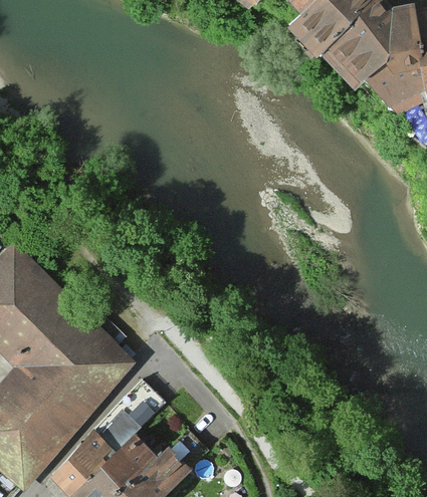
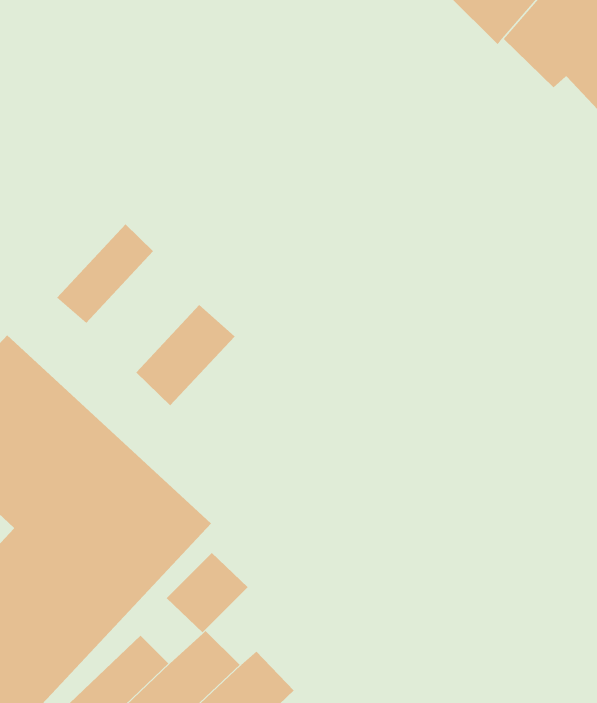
building: none -> [56,223,154,324]
building: none -> [135,304,235,406]

